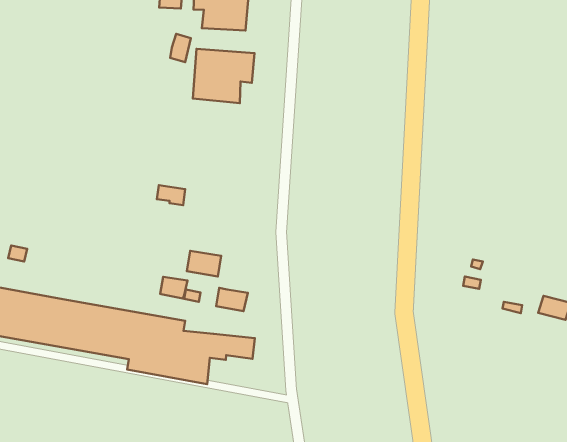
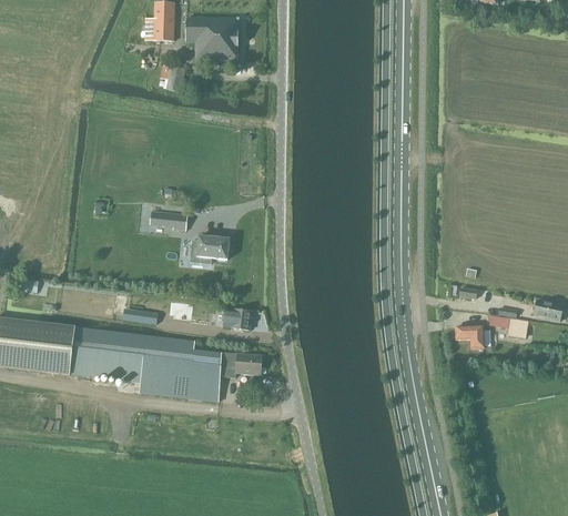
building: [193,49,254,103] -> none
building: [187,251,221,276] -> [196,234,229,257]
building: none -> [488,314,525,336]
building: none -> [456,325,484,347]

